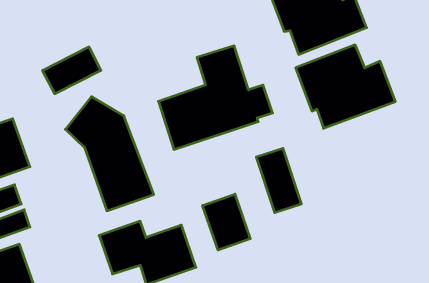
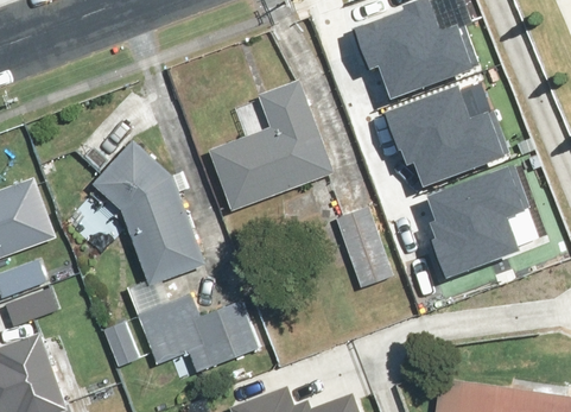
building: [43,47,101,94] -> none
building: none -> [424,163,522,270]
building: [203,194,250,250] -> none

